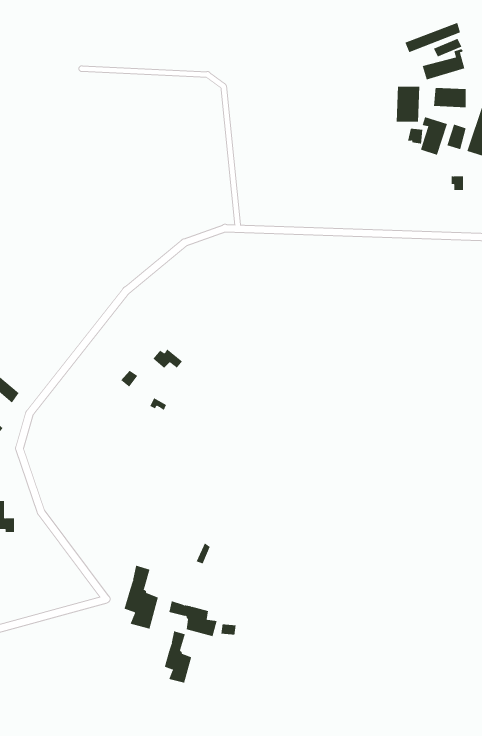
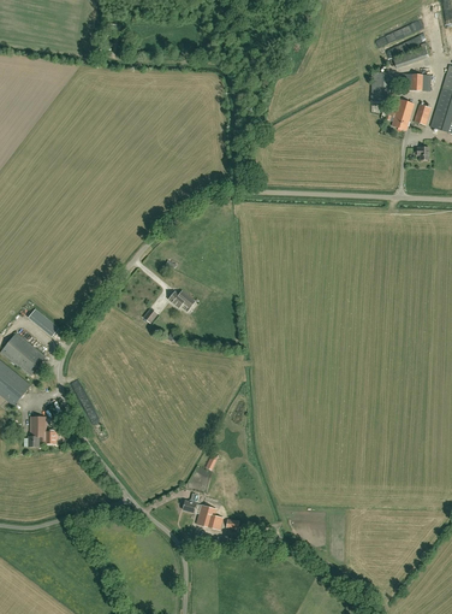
building: [124,565,159,629] -> none
building: [164,630,192,684] -> none

